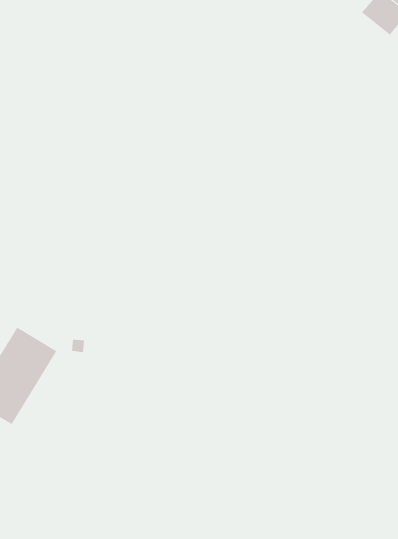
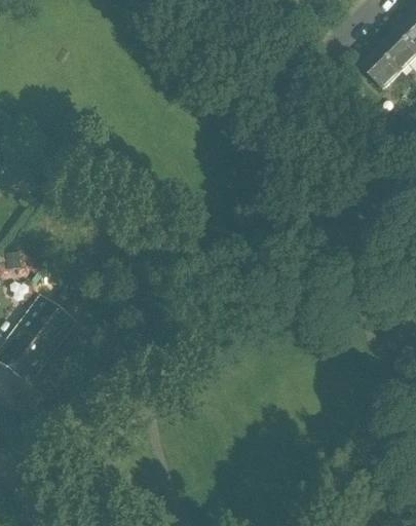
building: none -> [360,45,402,87]

